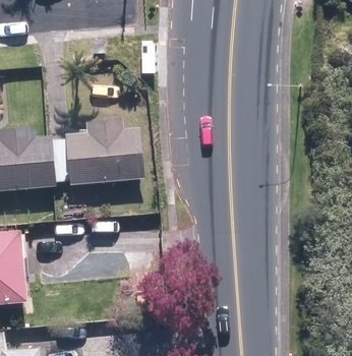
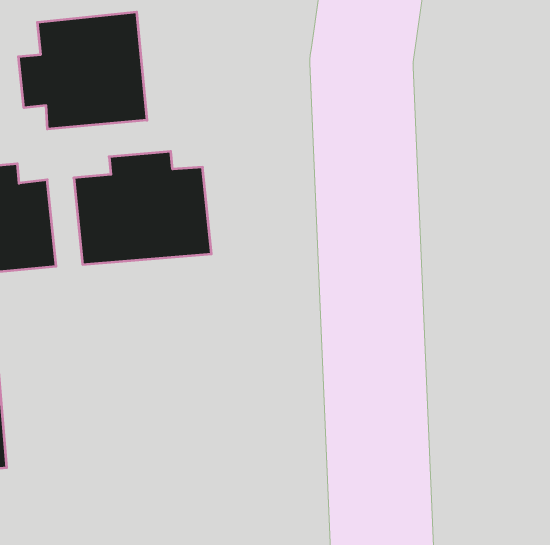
building: none -> [18,12,147,129]

